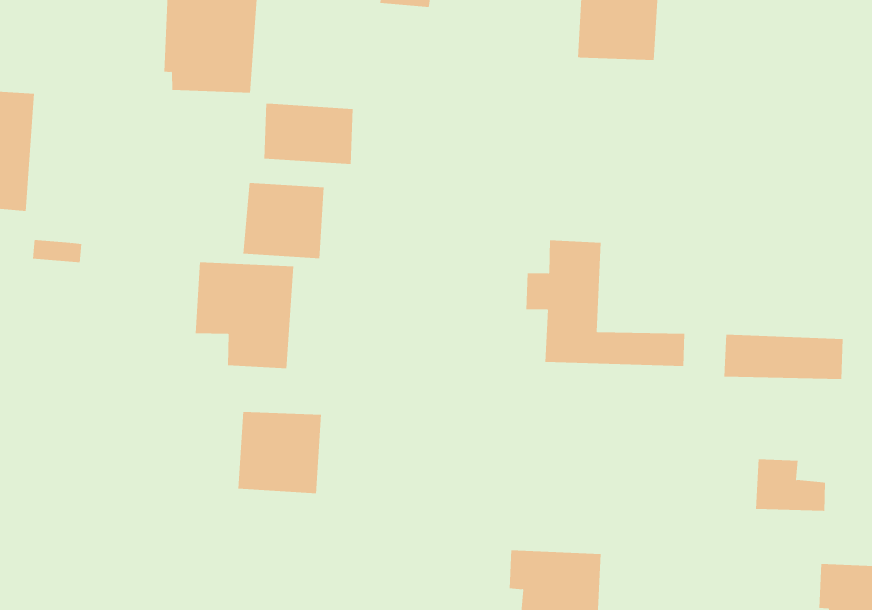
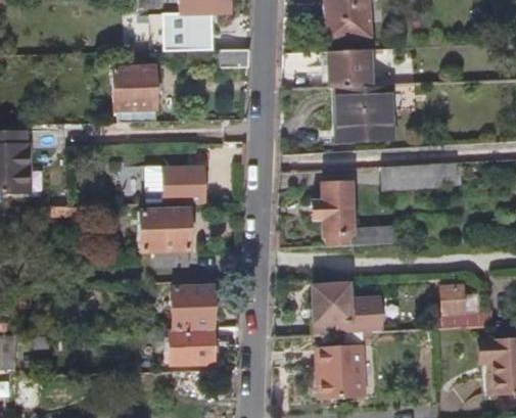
building: none -> [330,84,393,139]
building: [264,103,353,165] -> none
building: [724,334,844,379] -> [380,164,443,189]
building: none -> [313,285,382,335]
building: none -> [169,327,214,366]

